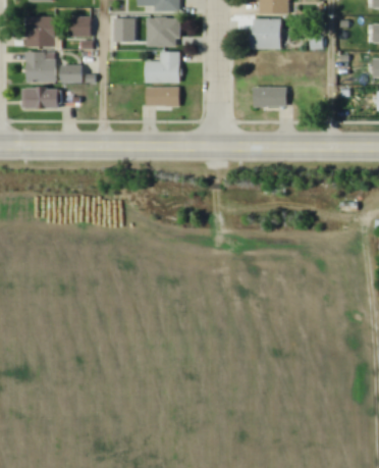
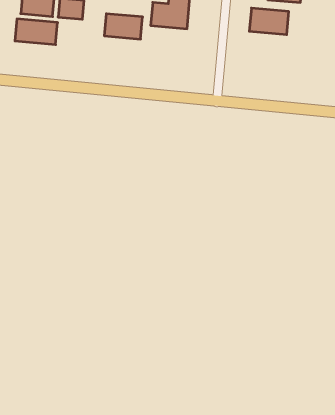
building: [253,86,287,107] -> [249,8,289,35]
building: [146,87,179,107] -> [104,14,143,39]

